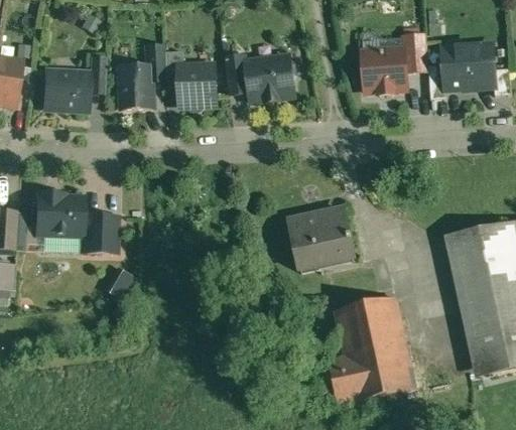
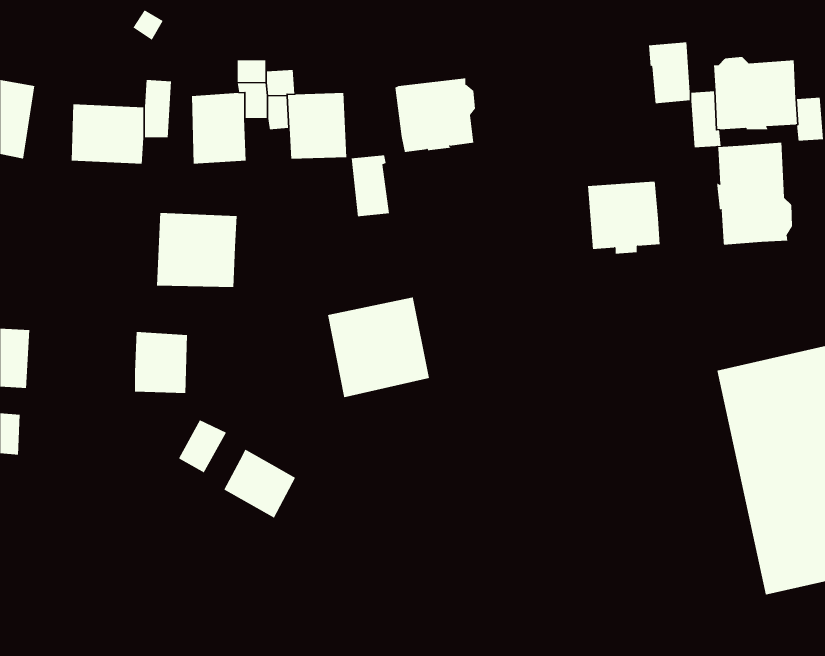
building: [362,48,407,94] -> [587,181,660,254]
building: [225,55,249,94] -> [351,155,390,217]
building: none -> [717,142,793,246]
building: [35,191,86,238] -> [156,213,238,287]
building: [290,209,354,272] -> [327,297,430,398]
building: none -> [223,449,296,518]
building: [329,297,415,405] -> none

